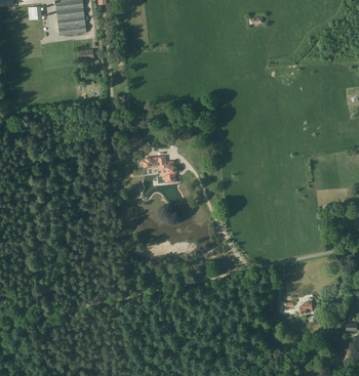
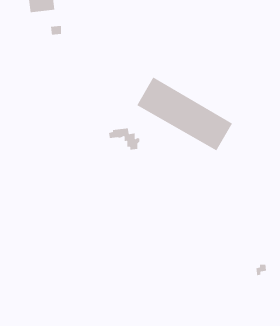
building: none -> [137,76,233,151]

